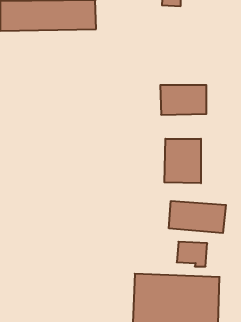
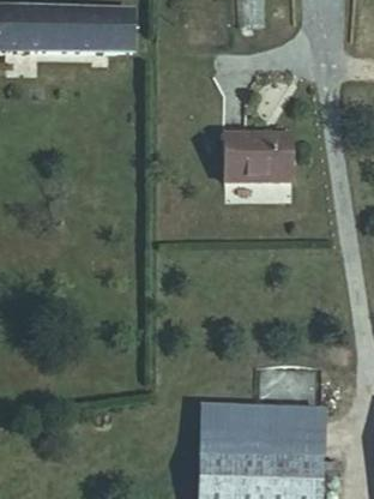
building: [164,139,201,183] -> none
building: [169,201,226,233] -> none

